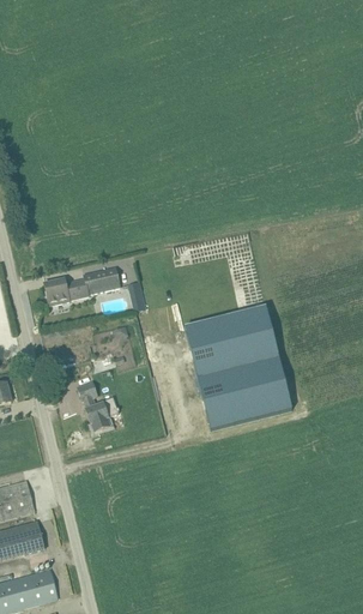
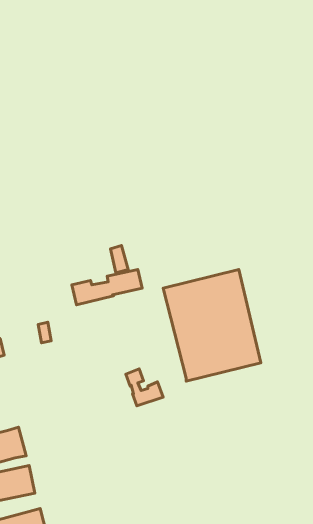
building: [44,266,121,305] -> [72,270,142,305]
building: [78,381,119,422] -> [126,369,163,406]

